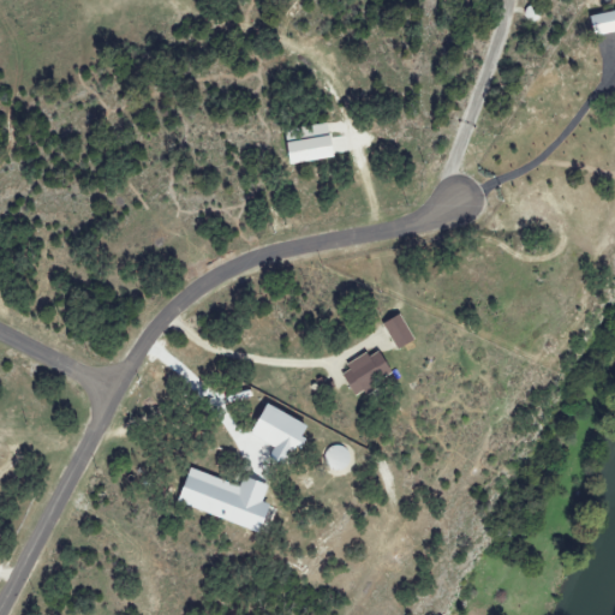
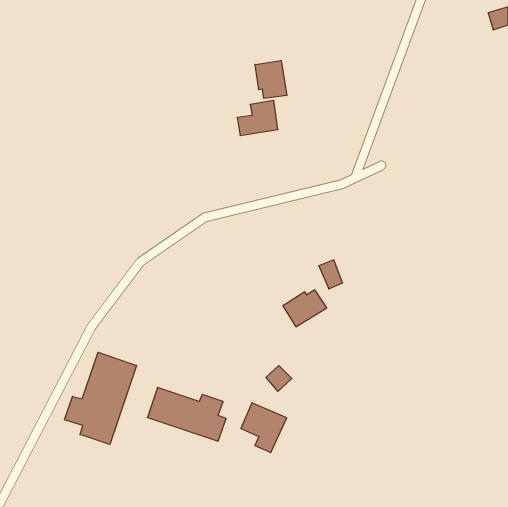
building: none -> [255,60,287,98]
building: [255,405,310,465] -> [241,403,287,453]
building: none -> [65,352,136,444]

